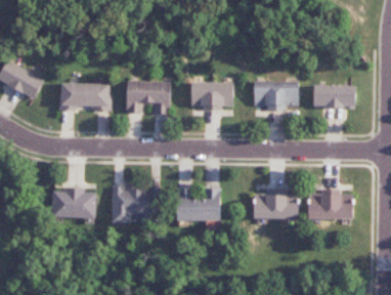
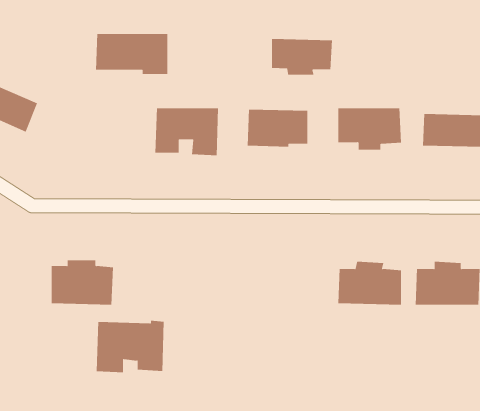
building: none -> [272,38,332,75]
building: [58,83,110,112] -> [95,34,168,75]
building: [111,186,159,223] -> [96,320,165,373]
building: [175,188,220,221] -> none

